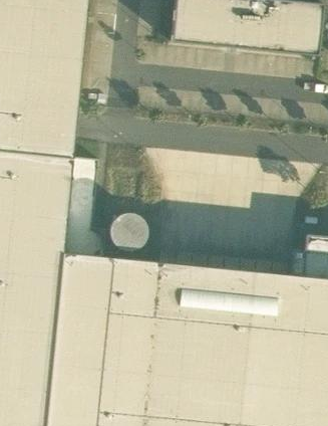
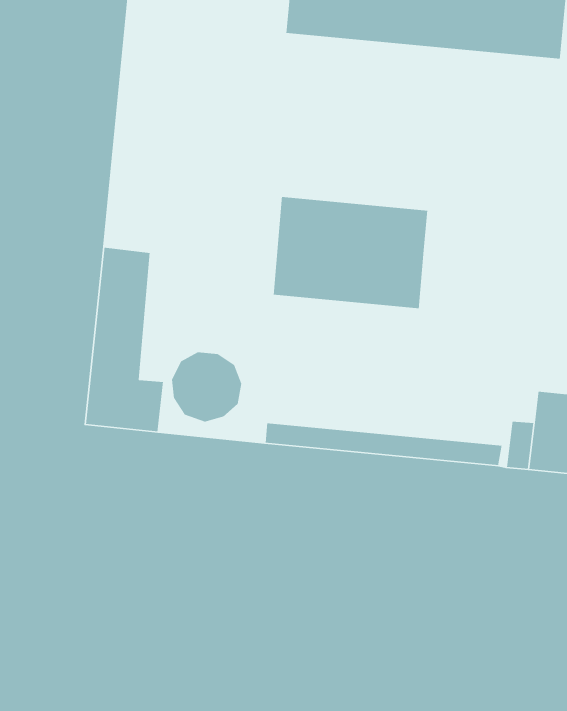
building: none -> [273,196,428,309]

